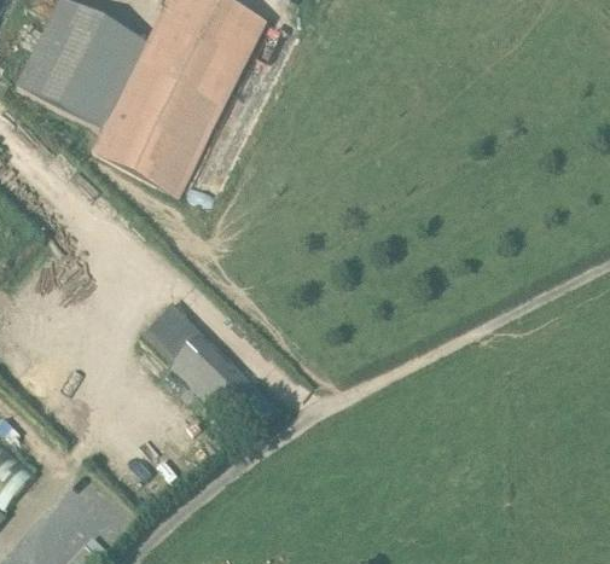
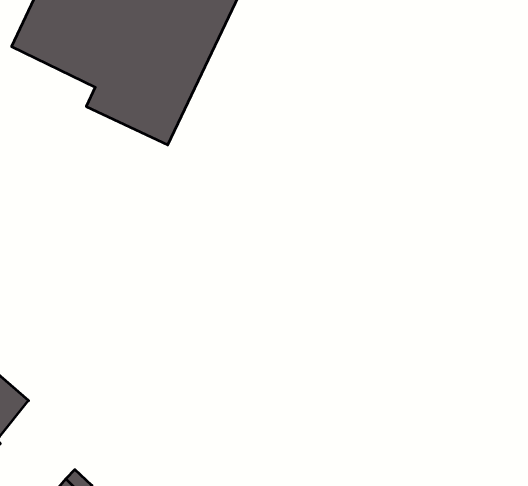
building: [149,304,254,414] -> none

